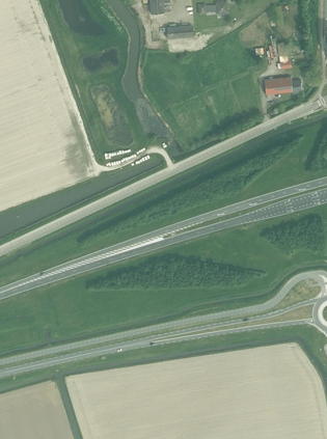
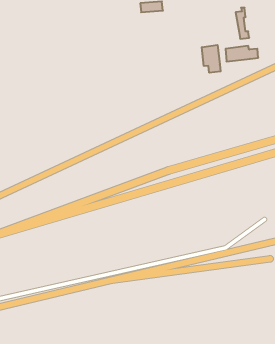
building: none -> [202,45,221,73]

